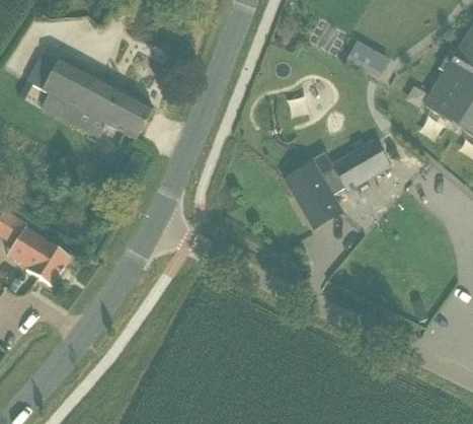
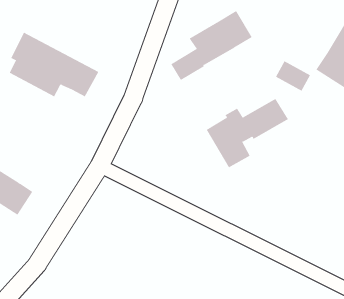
building: none -> [171,10,253,81]
building: [349,39,394,77] -> [275,60,311,91]

